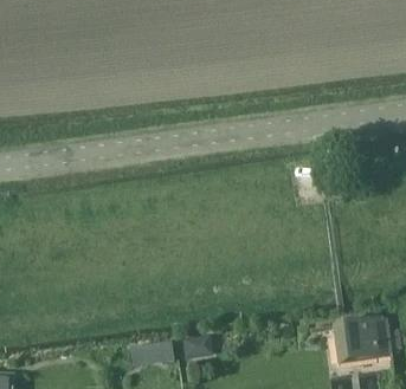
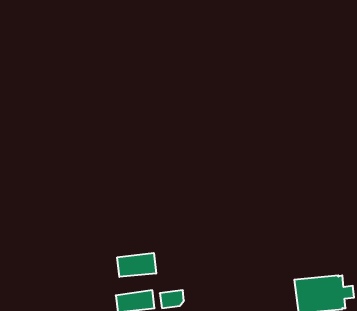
building: none -> [117,253,156,277]

